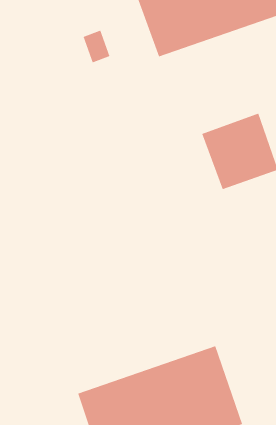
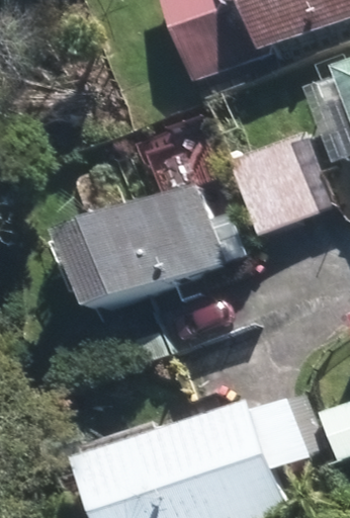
building: none -> [71,190,215,303]

